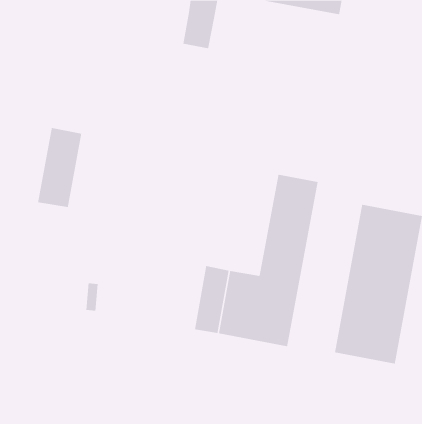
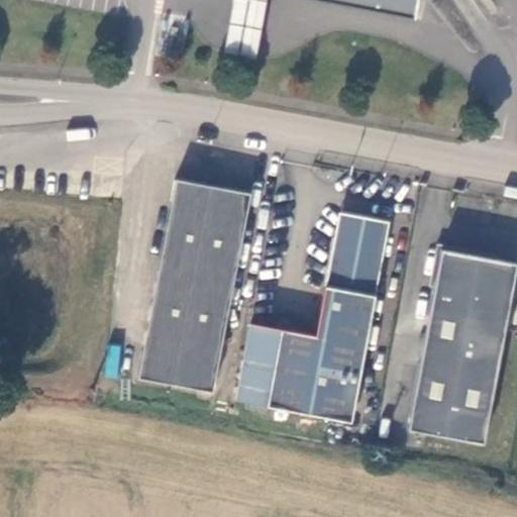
building: [37,127,82,208] -> none
building: none -> [140,179,251,391]

